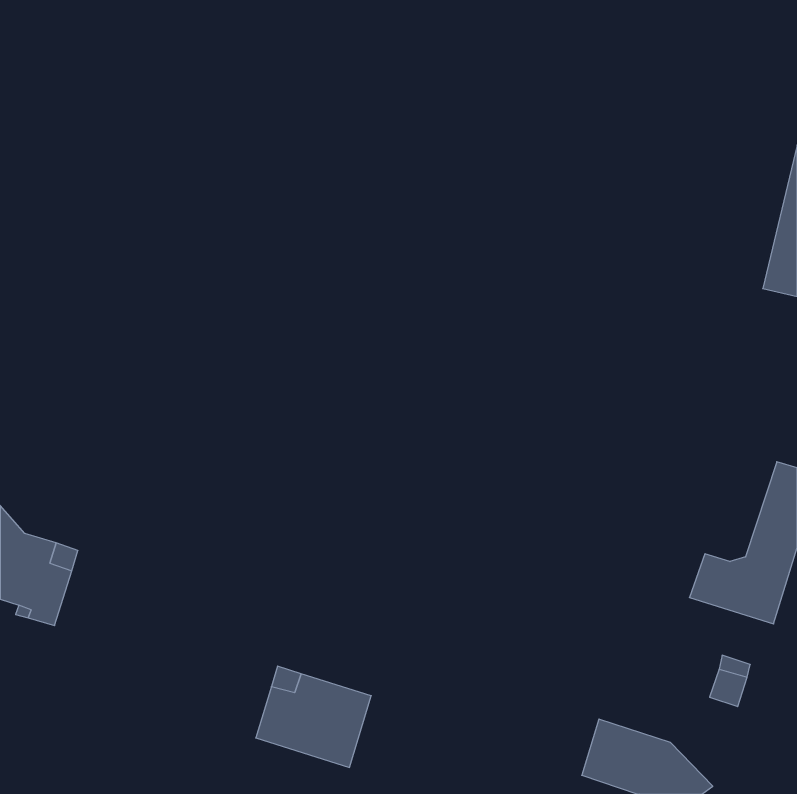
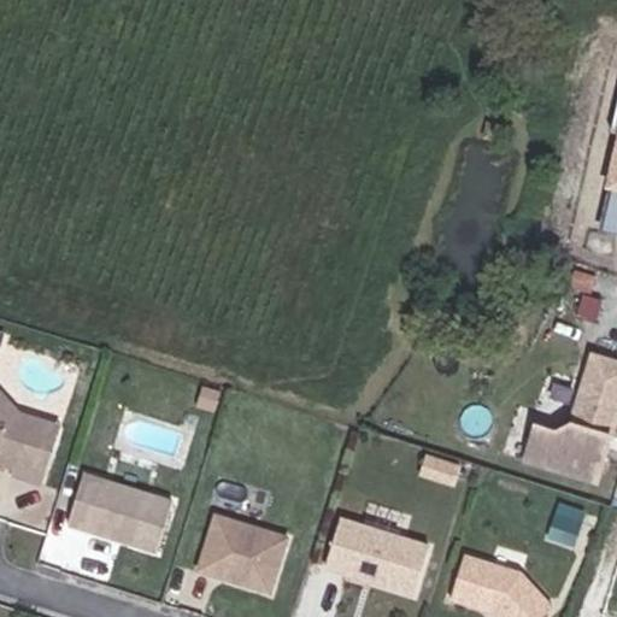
building: none -> [67,471,172,551]
building: none -> [324,521,428,595]

